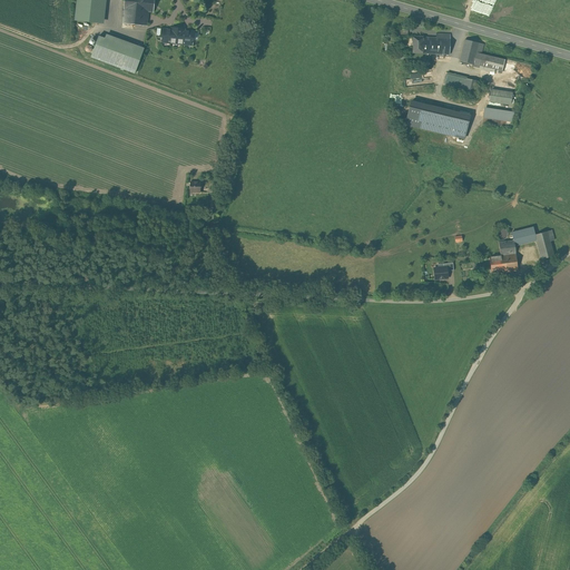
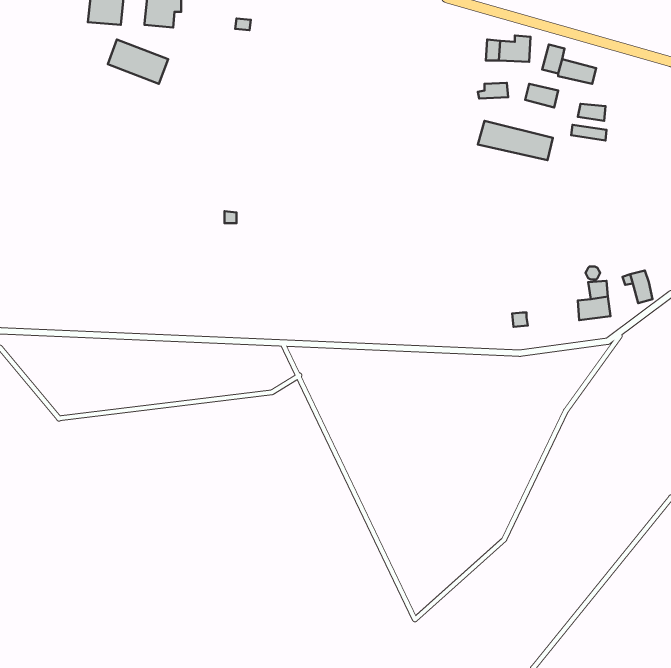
building: [160,26,195,43] -> none

